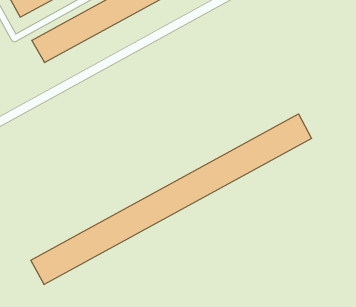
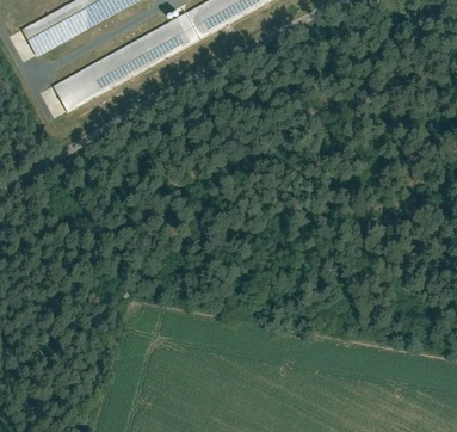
building: [31,114,312,285] -> none

